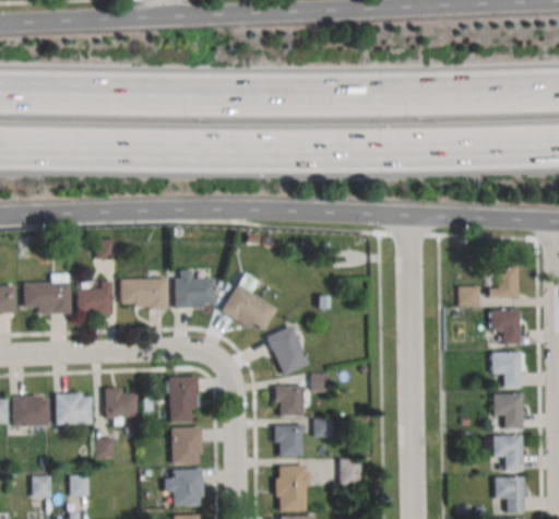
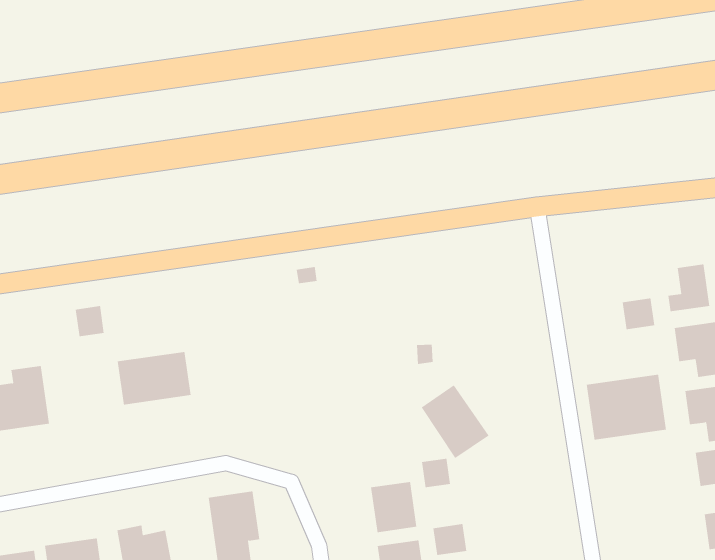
building: [222,274,277,330] -> none
building: [175,275,215,308] -> none
building: [78,281,112,315] -> none
building: [266,326,309,375] -> [421,384,490,459]
building: none -> [586,374,667,440]

